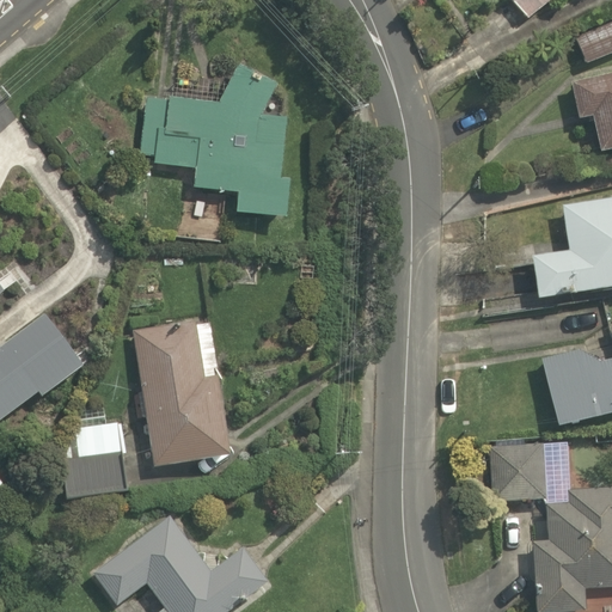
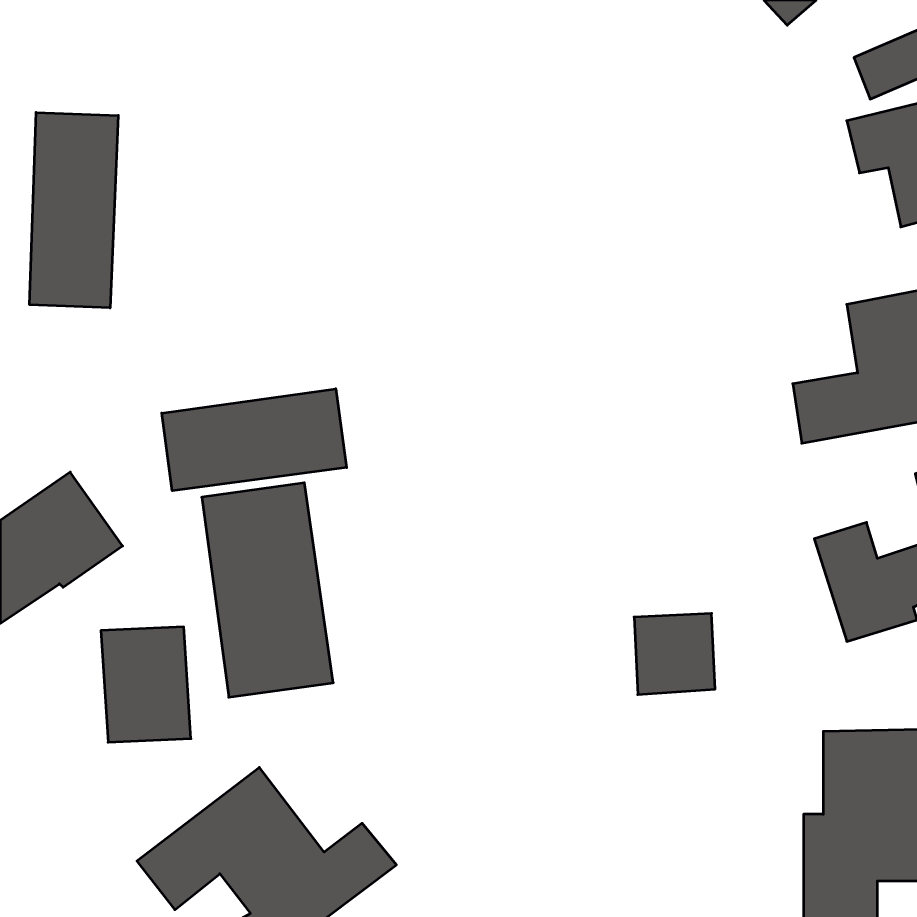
building: none -> [30,112,118,308]
building: [134,96,289,216] -> none
building: none -> [162,389,347,491]
building: [488,446,541,500] -> [634,613,715,695]

